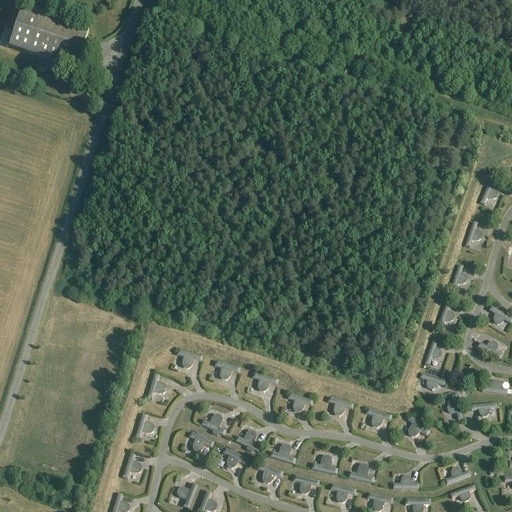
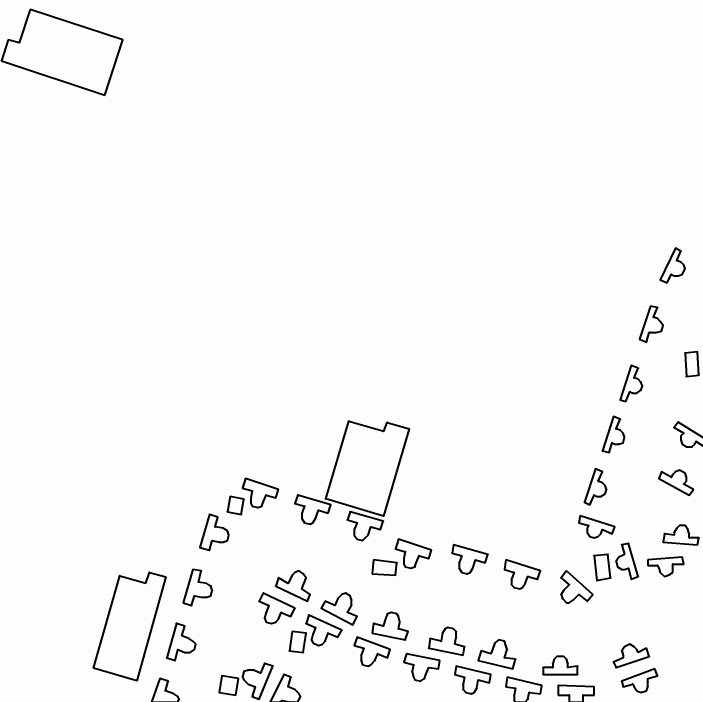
building: none -> [326,421,409,516]
building: none -> [94,572,166,681]

